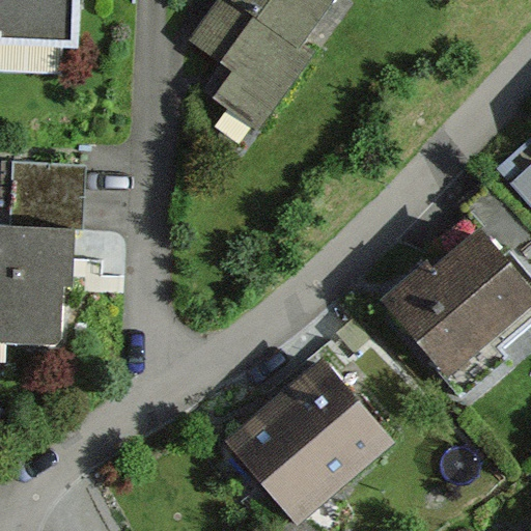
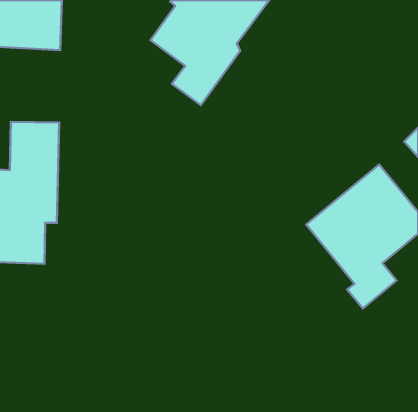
building: [225,357,394,522] -> none

